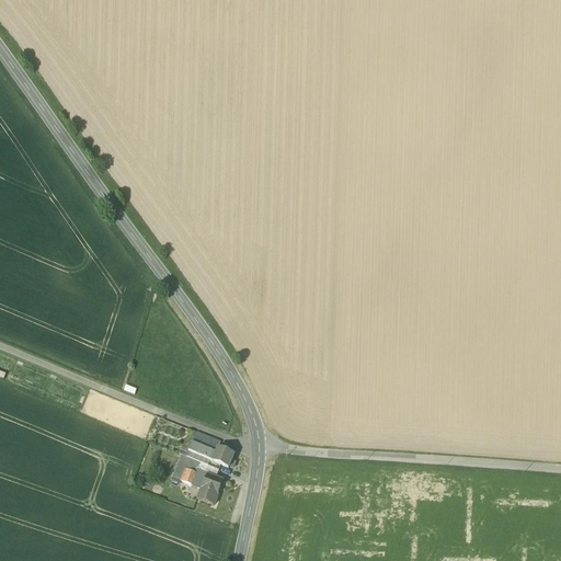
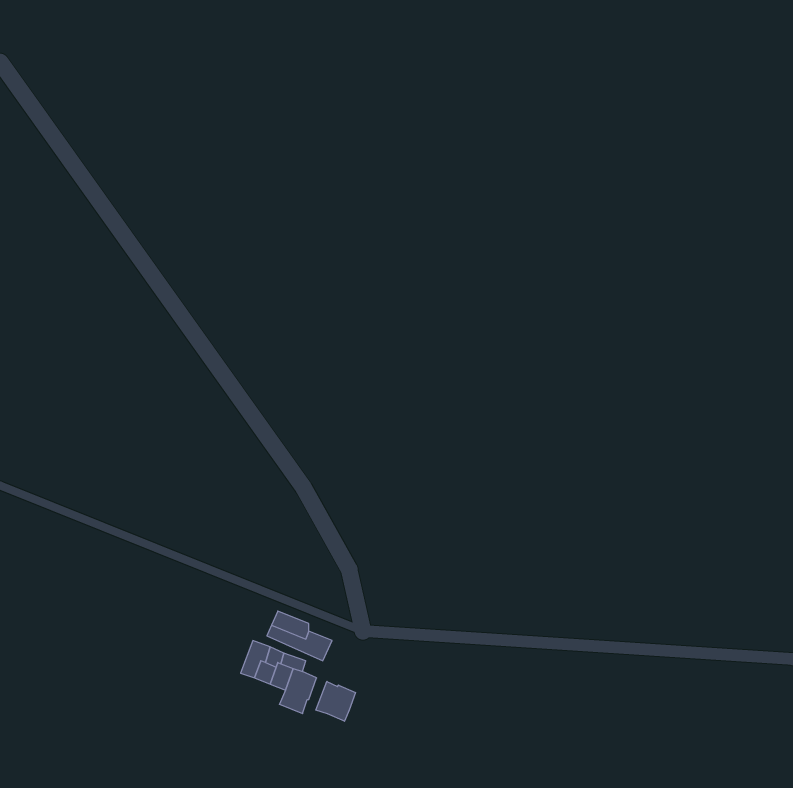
building: none -> [316,681,355,721]

